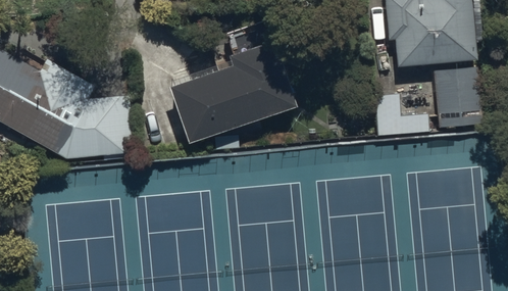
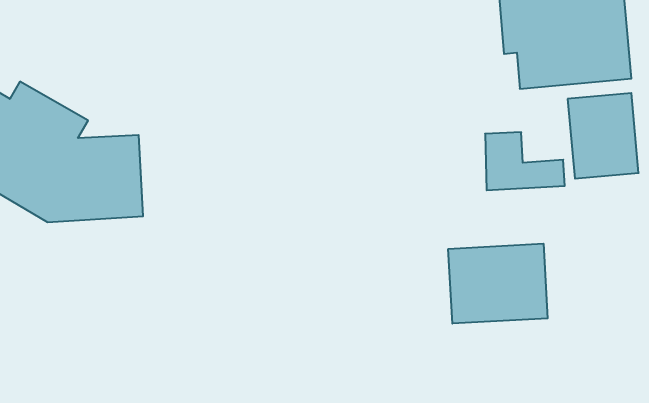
building: [168,37,297,141] -> none
building: none -> [448,244,548,324]

